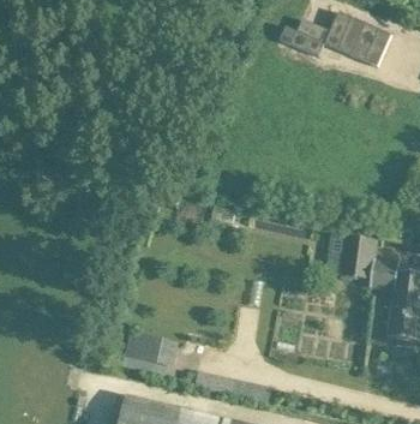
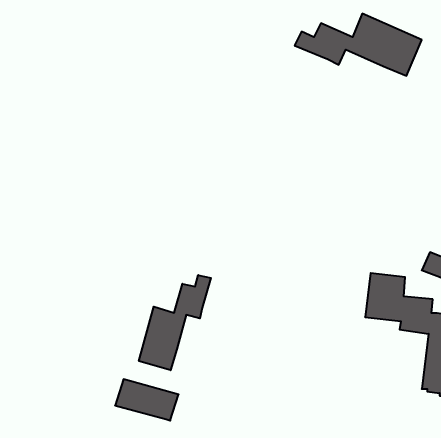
building: none -> [139,275,211,370]

